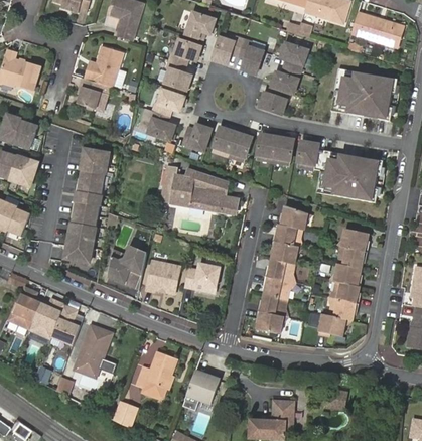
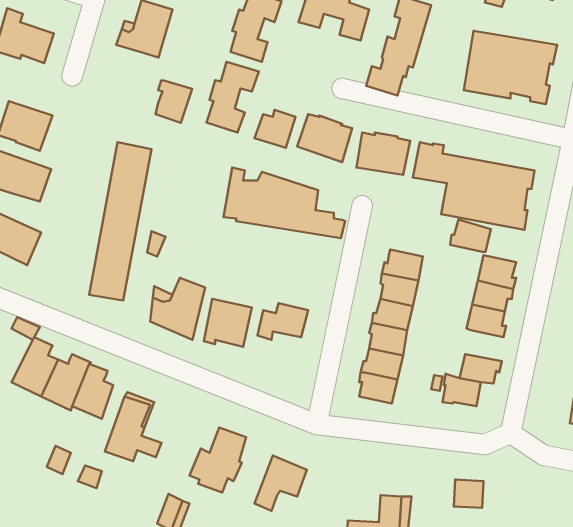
building: [78,78,104,108] -> [155,80,192,123]
building: [279,205,308,229] -> [450,219,491,252]
building: [332,281,360,303] -> none

